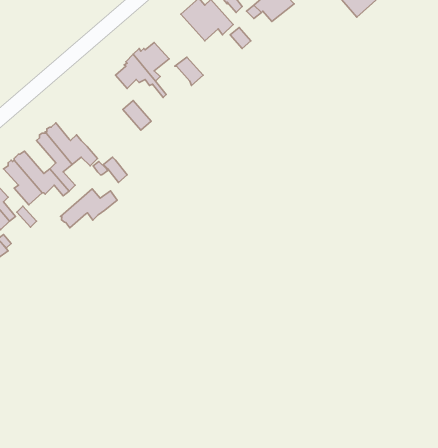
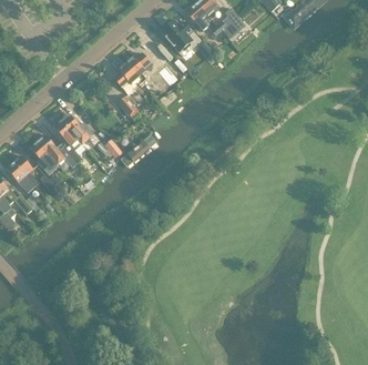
building: [60,189,117,228] -> none

